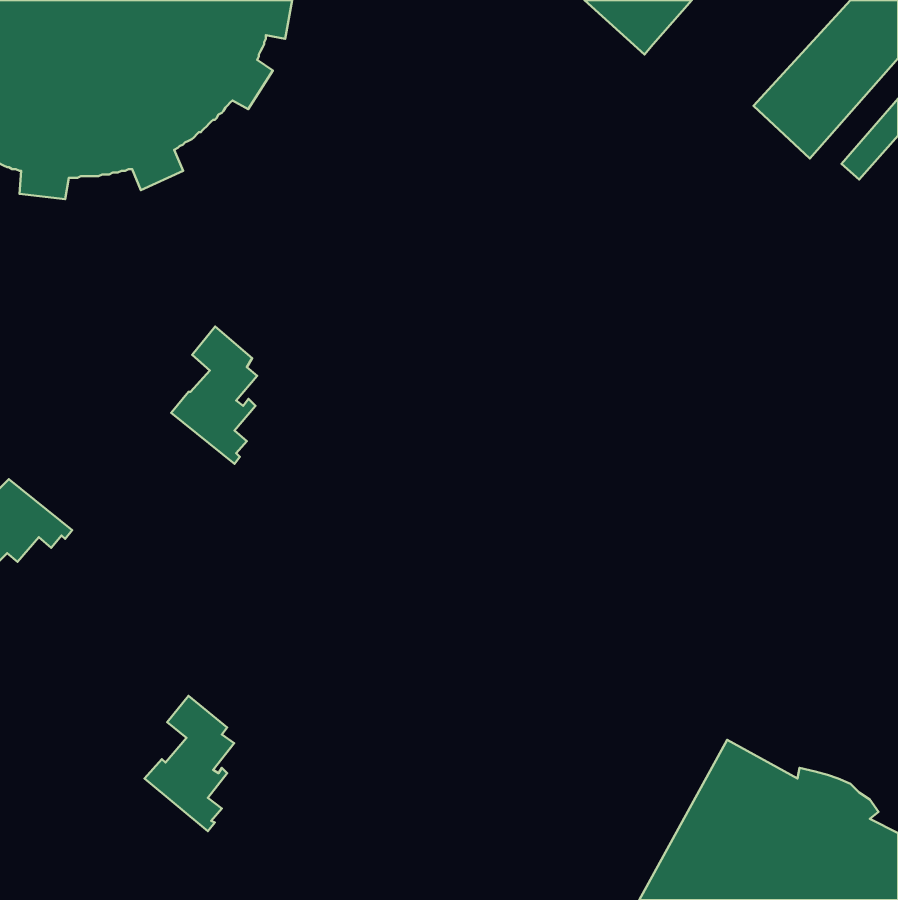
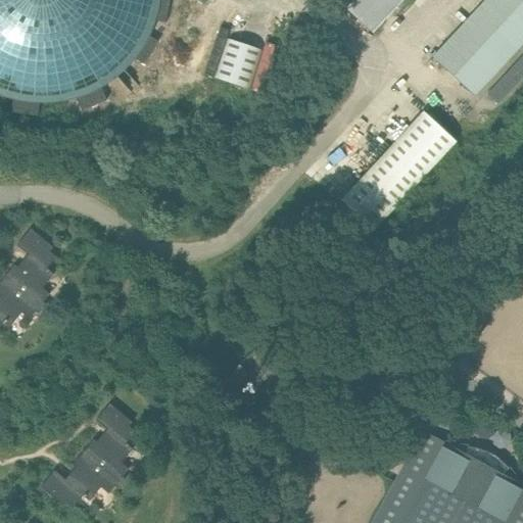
building: none -> [215,35,273,90]
building: none -> [341,110,457,229]
building: [171,327,257,464] -> [5,228,55,307]
building: none -> [41,451,121,507]

